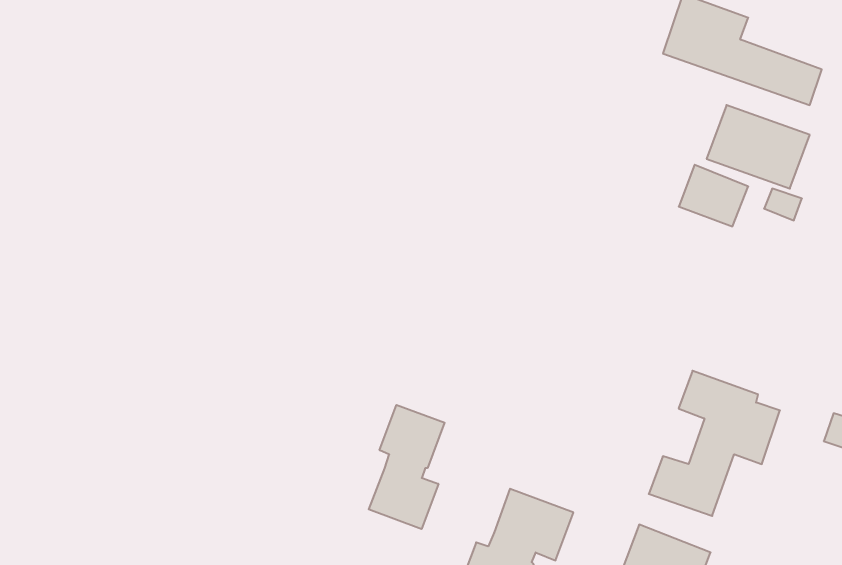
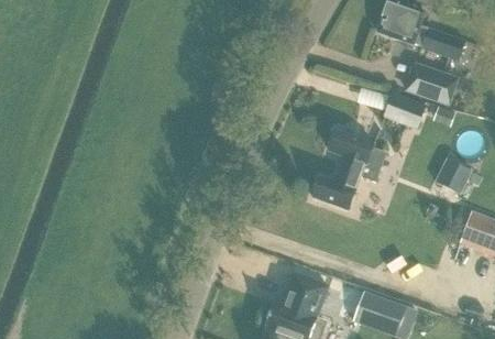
building: none -> [433,158,470,193]
building: [649,371,780,516] -> [311,130,384,210]
building: [369,405,445,529] -> none

